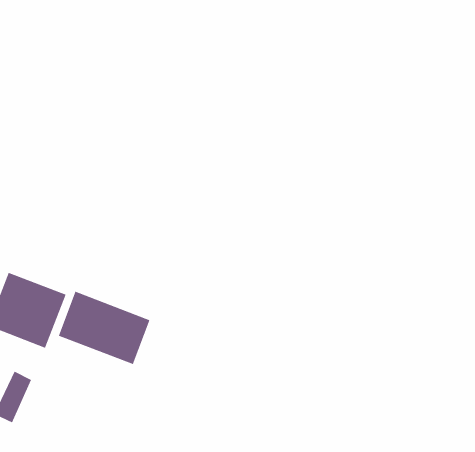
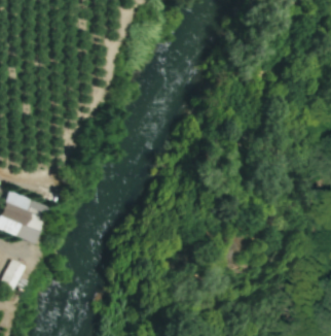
building: [58,291,150,365] -> none

